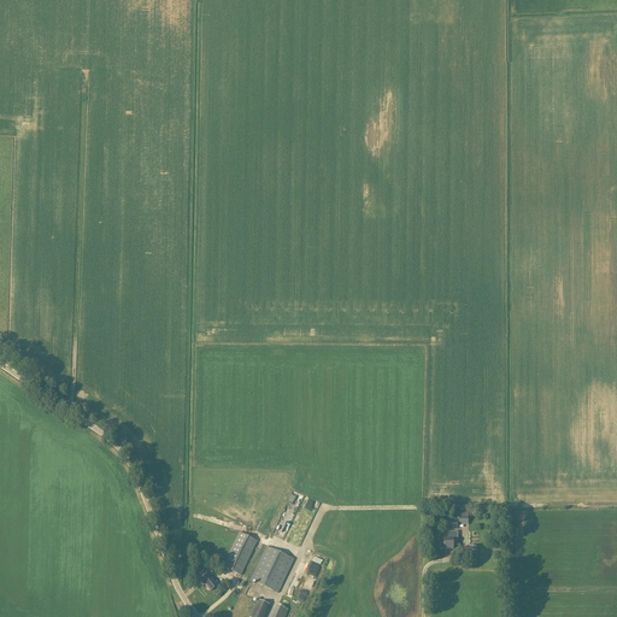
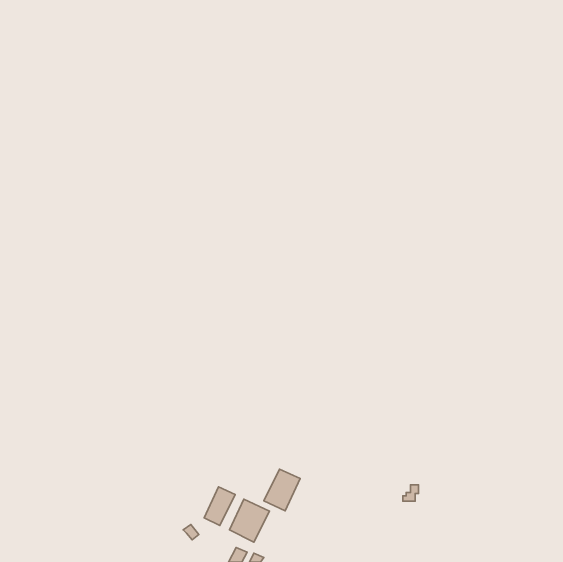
building: none -> [264,469,300,511]

